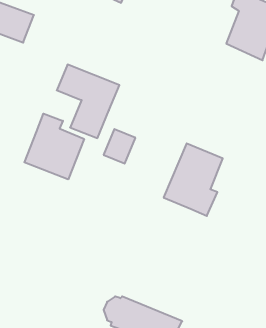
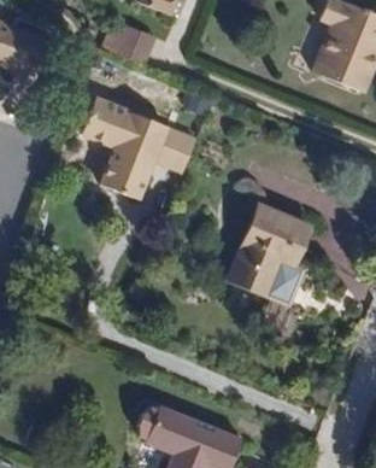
building: none -> [106,21,159,62]
building: [24,114,84,179] -> none
building: [104,129,135,164] -> [152,128,195,175]

